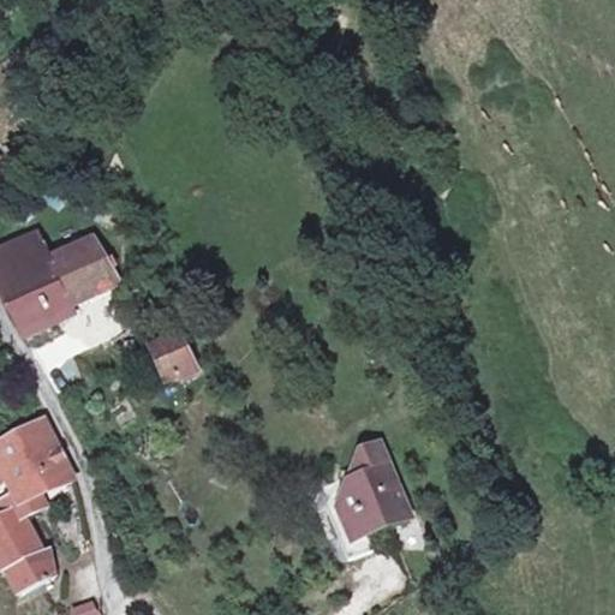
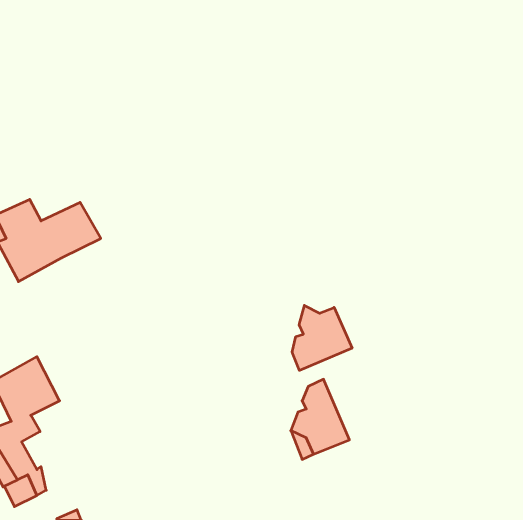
building: [151,330,197,380] -> none
building: none -> [292,305,352,370]

